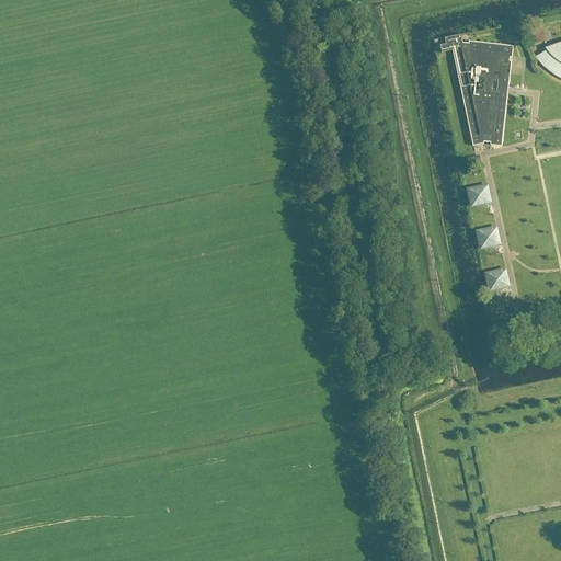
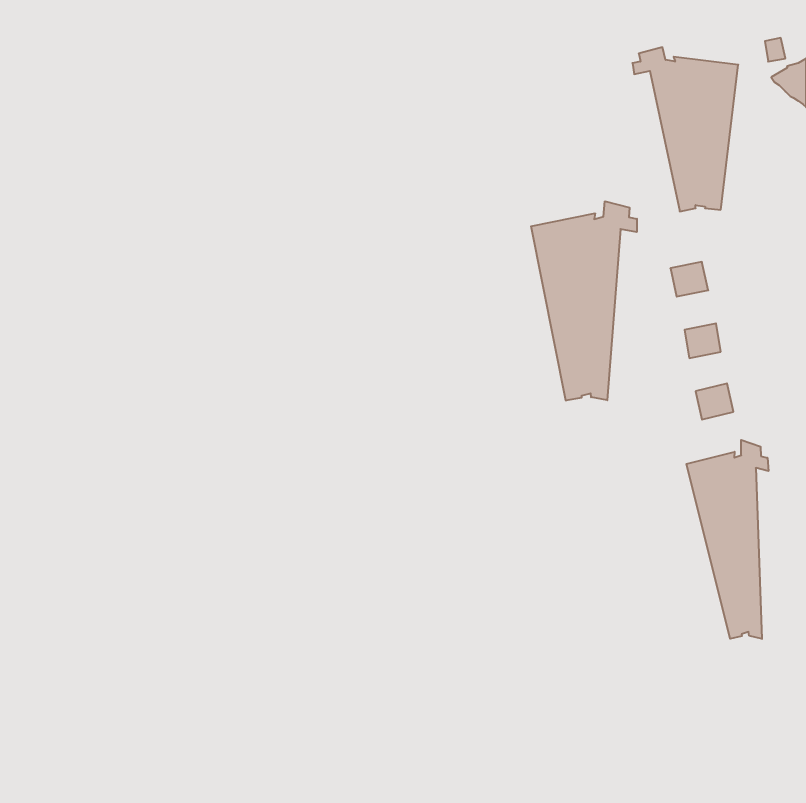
building: none -> [531,201,637,401]
building: none -> [686,440,768,639]

